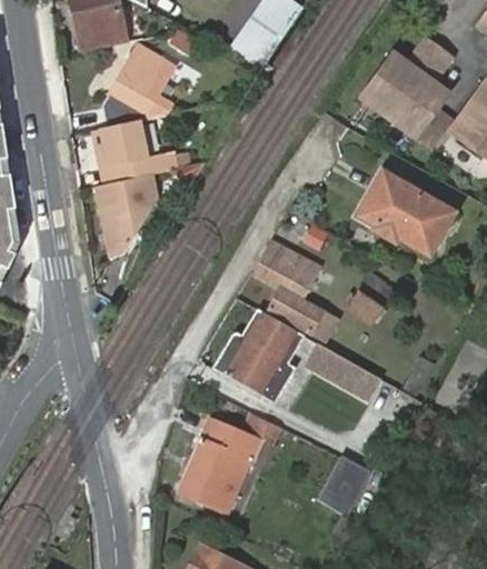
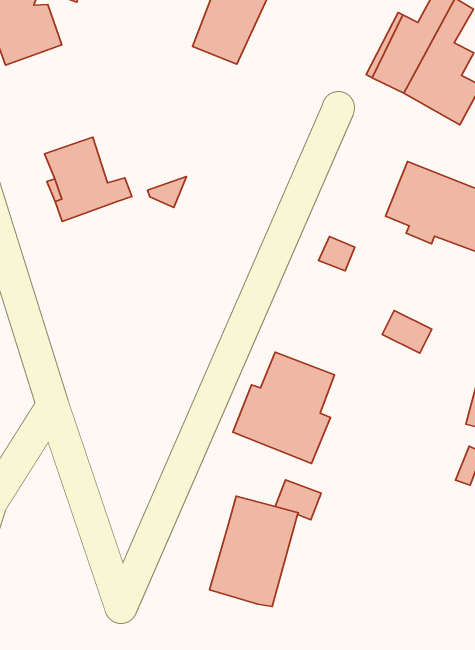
building: [109,44,175,116] -> none
building: [93,172,153,252] -> none
building: [254,242,332,339] -> none
building: [310,343,379,393] -> none
building: [318,457,369,516] -> none

